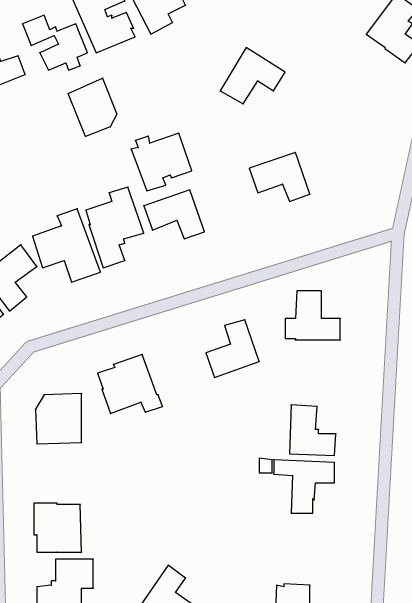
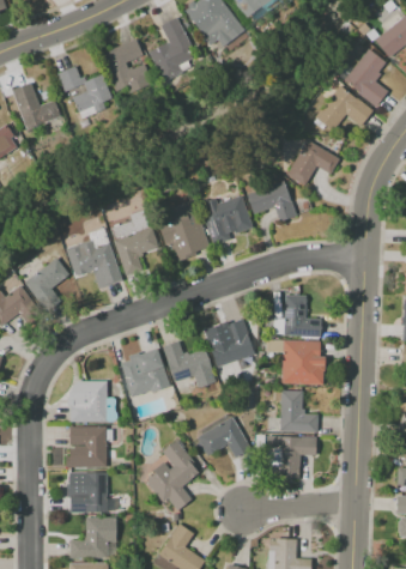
building: none -> [315,86,372,132]
building: [220,48,285,104] -> [285,139,339,186]
building: [68,78,117,136] -> none
building: [131,133,192,191] -> [201,196,252,244]
building: none -> [265,340,325,386]
building: none -> [162,341,214,388]
building: none -> [196,417,250,459]
building: none -> [65,426,105,467]
building: none -> [147,438,198,510]

